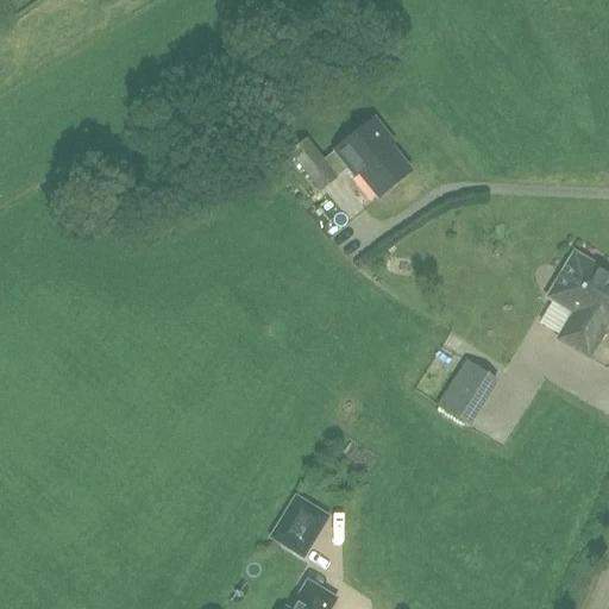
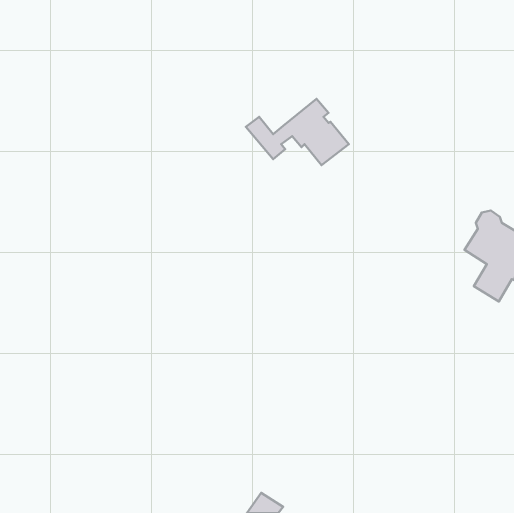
building: [437,359,498,426] -> none
building: [269,492,332,559] -> none

